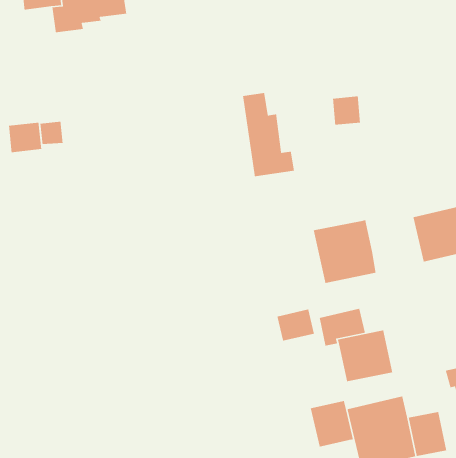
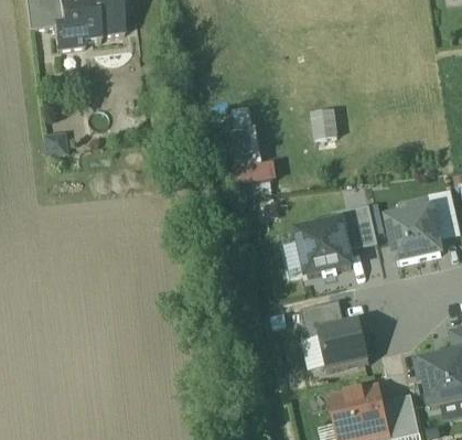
building: [8,122,42,153] -> none
building: none -> [337,206,376,249]
building: [276,308,315,342] -> none
building: [310,400,354,447] -> none

